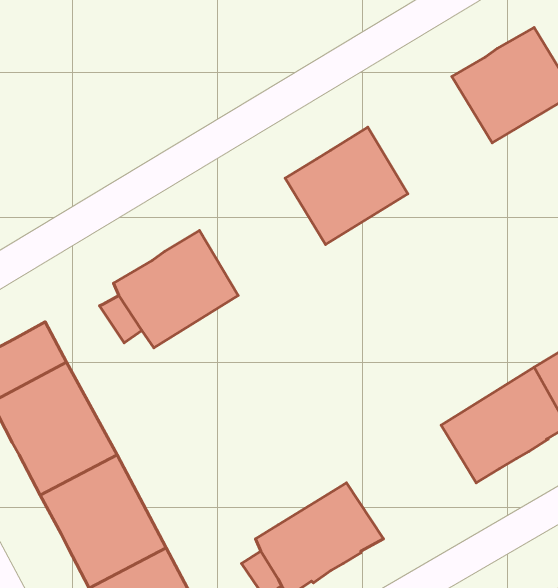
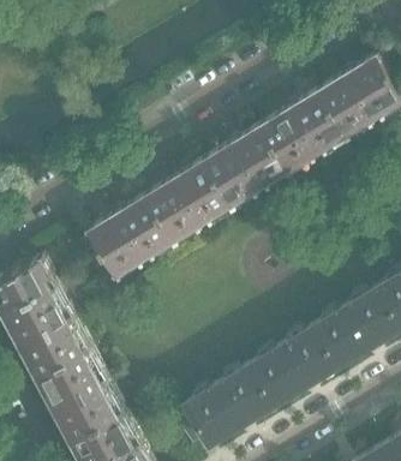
building: none -> [259,91,345,172]
building: none -> [144,161,231,241]
building: none -> [245,330,334,408]

